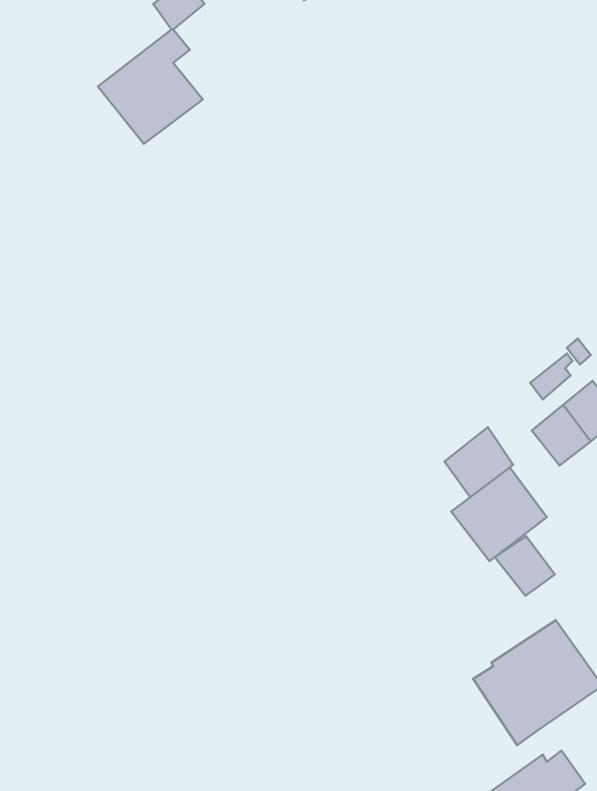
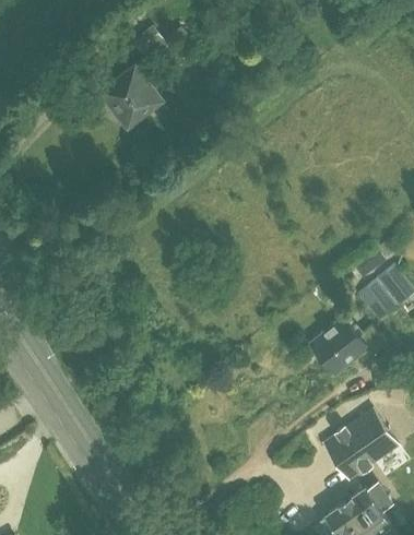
building: [444,427,513,497] -> none
building: [495,536,555,596] -> none

